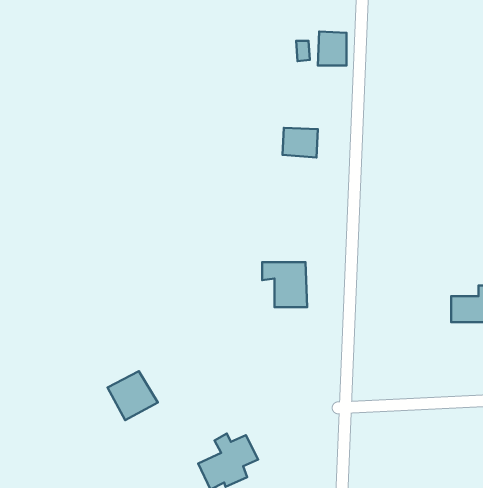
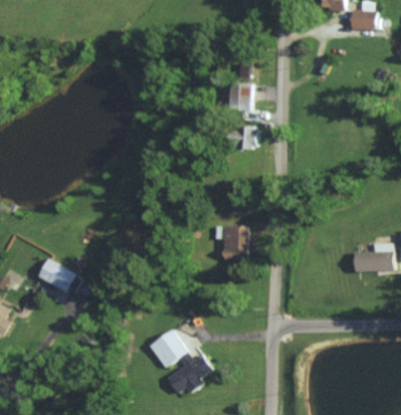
building: [318,31,346,65] -> [229,84,250,110]
building: none -> [37,258,75,291]
building: [108,371,158,420] -> [149,331,186,367]

